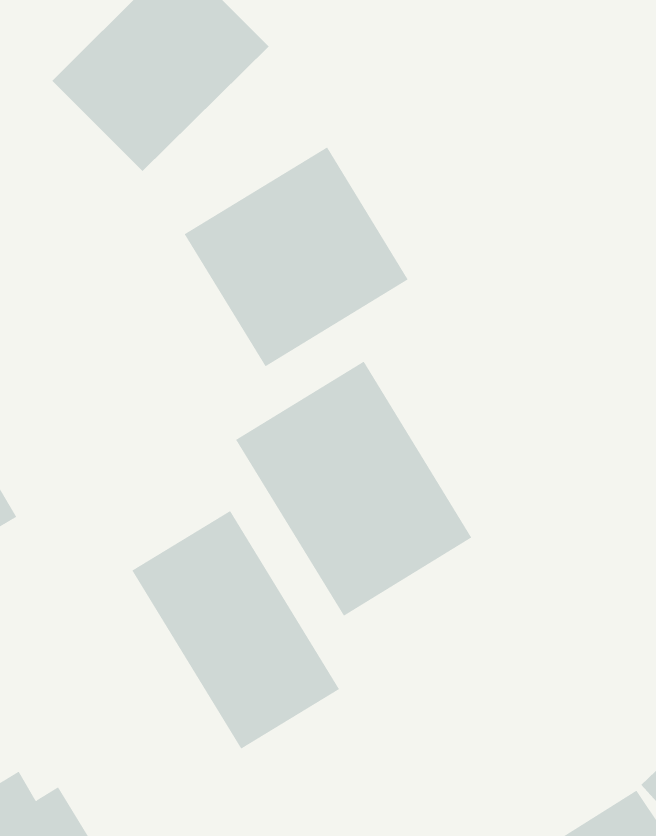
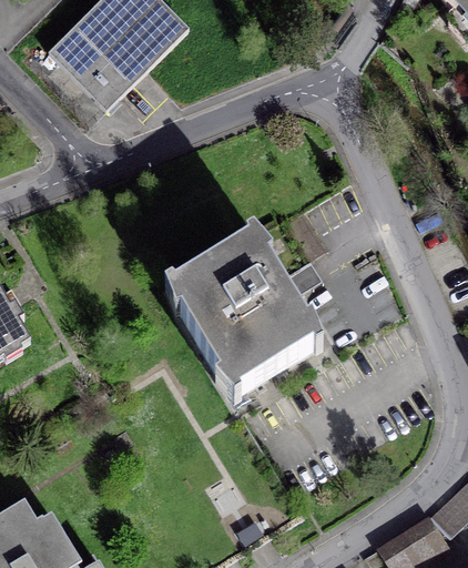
building: [184,146,409,367] -> none
building: [132,510,340,750] -> none

